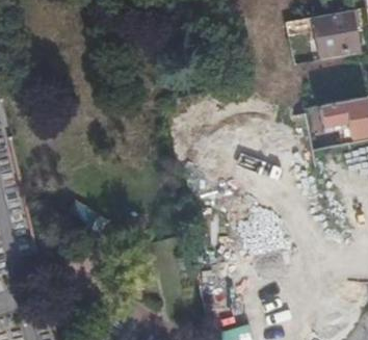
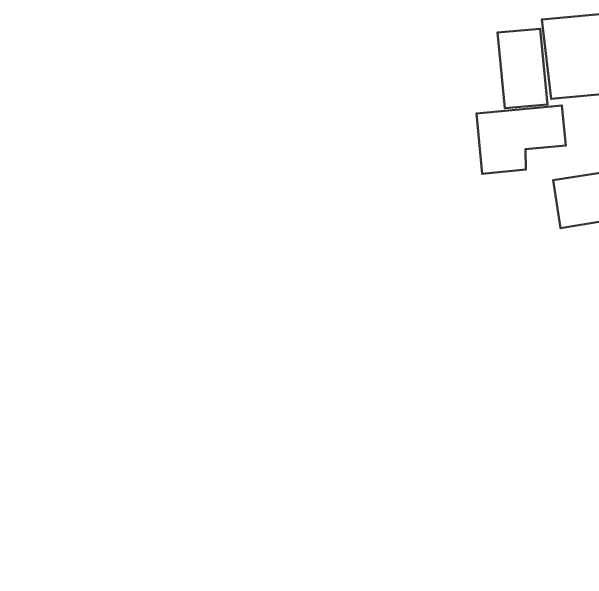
building: none -> [476,106,566,174]

